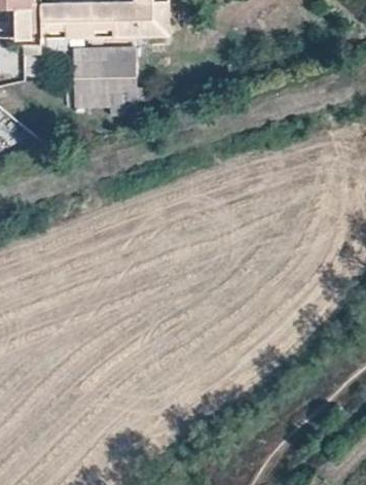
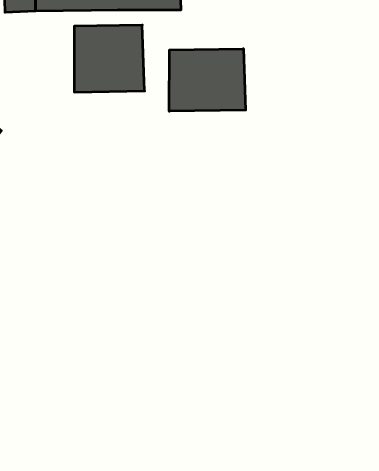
building: none -> [169,49,246,111]

